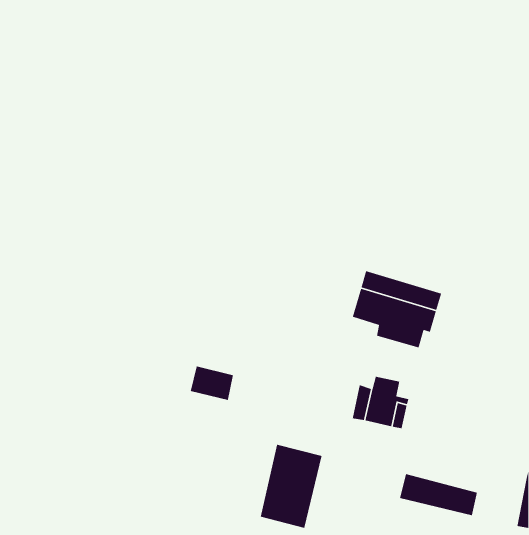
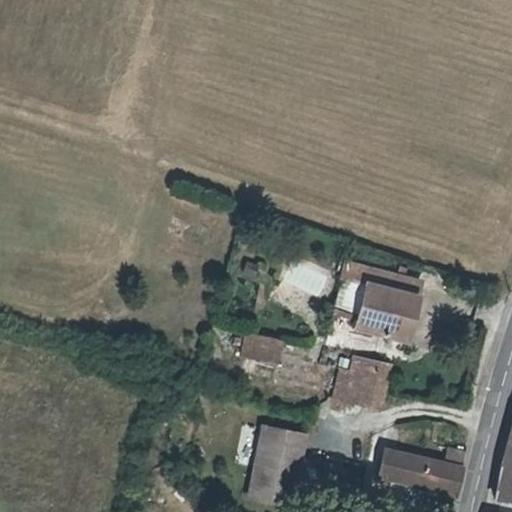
building: [190,365,234,401] -> [243,333,285,367]

